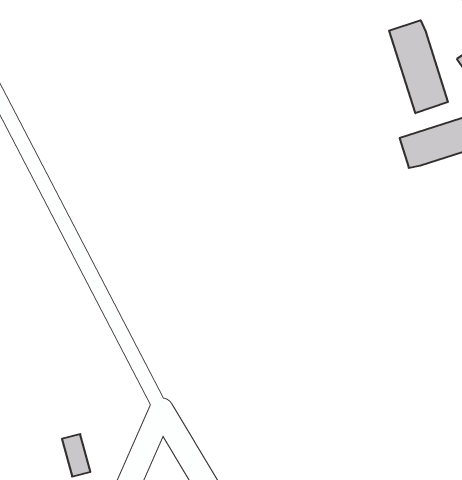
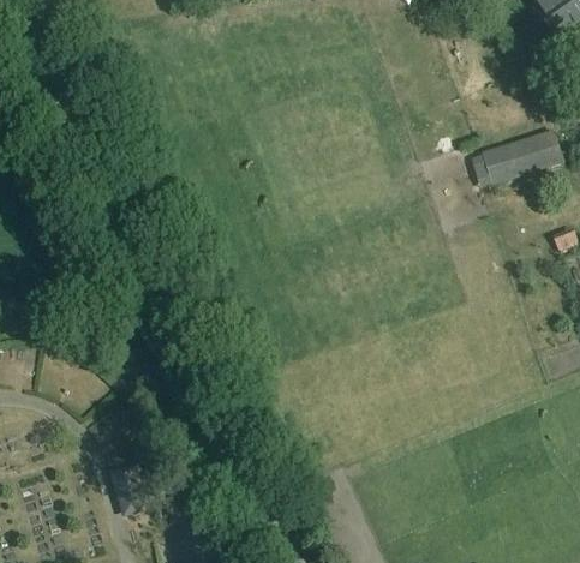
building: [389,20,448,113] -> none

